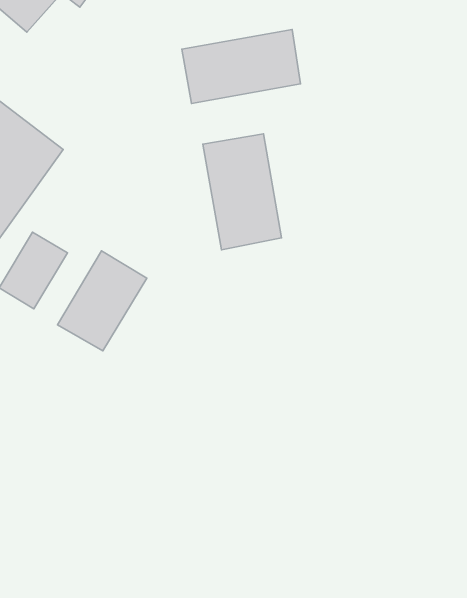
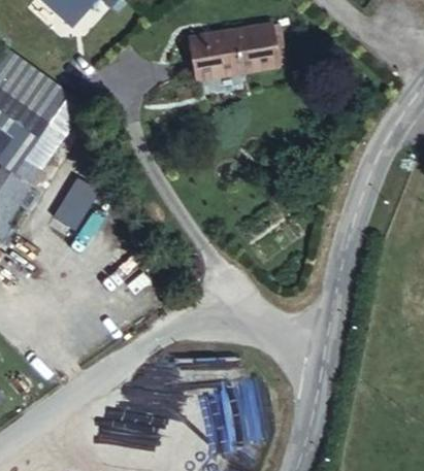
building: [203,134,282,250] -> none
building: [57,251,147,351] -> none

